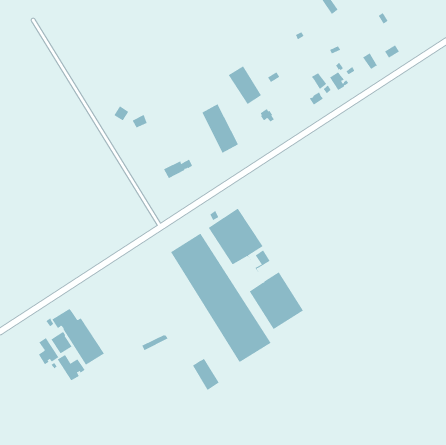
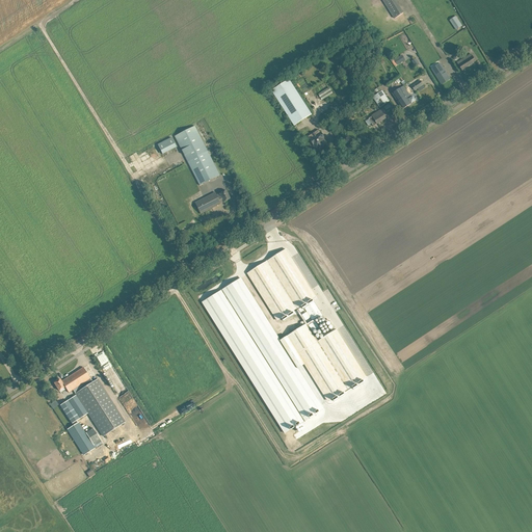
building: [201,104,239,153] -> [175,125,219,184]
building: [38,337,59,365] -> none
building: [192,358,220,391] -> none

